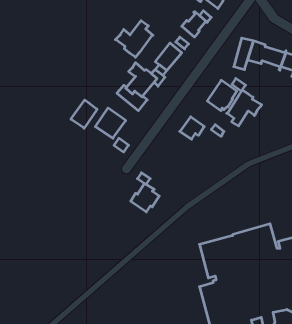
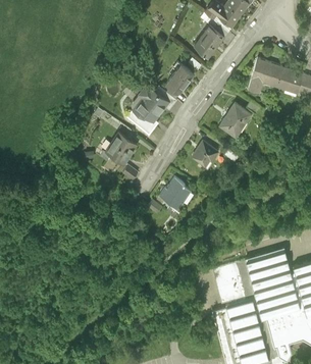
building: [115,21,153,57] -> none
building: [227,90,262,126] -> none
building: [71,100,97,128] -> none
building: [131,183,159,212] -> [160,176,190,206]

